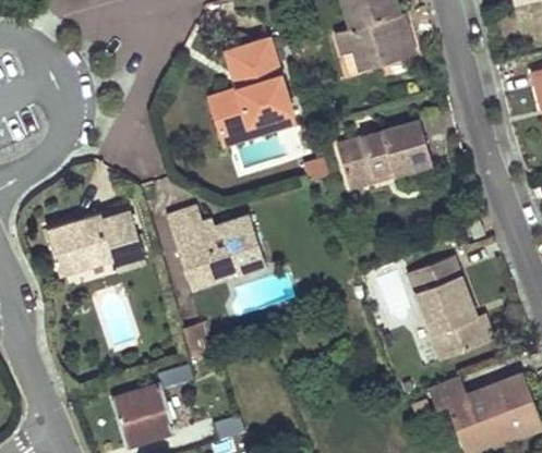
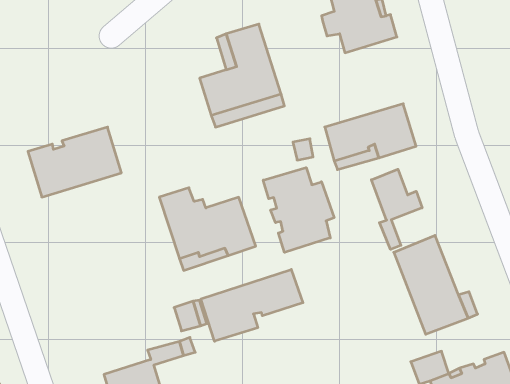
building: none -> [263,168,334,252]
building: none -> [371,169,422,249]
building: [46,205,142,277] -> [28,127,121,197]
building: none -> [201,269,303,341]

